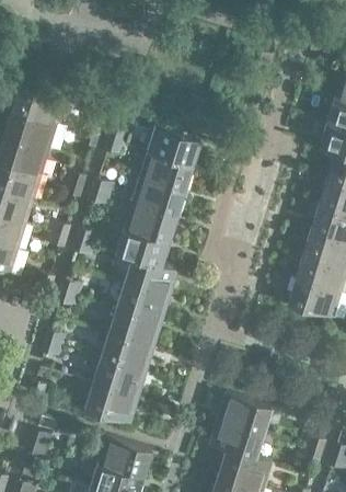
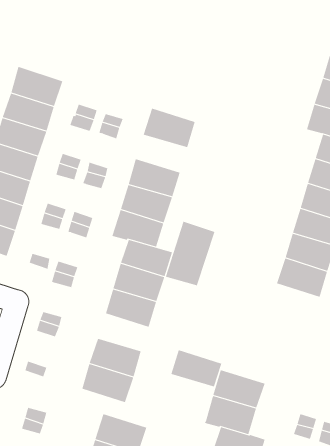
building: [139,156,193,194] -> none
building: none -> [165,221,215,286]
building: [101,337,153,376] -> [170,349,222,387]

